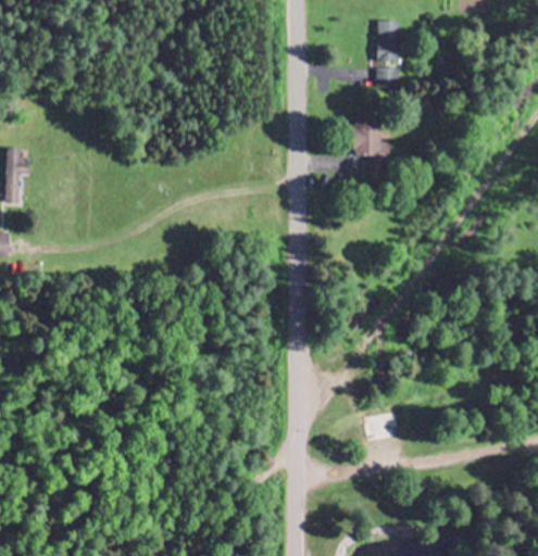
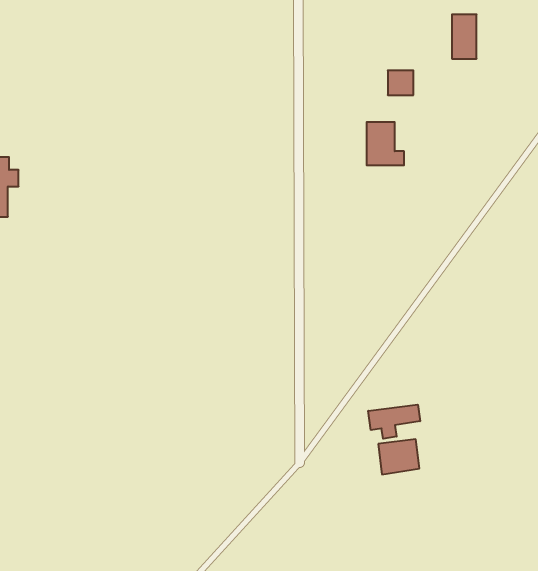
building: [375,21,398,62] -> [452,14,477,59]
building: none -> [368,405,420,439]

